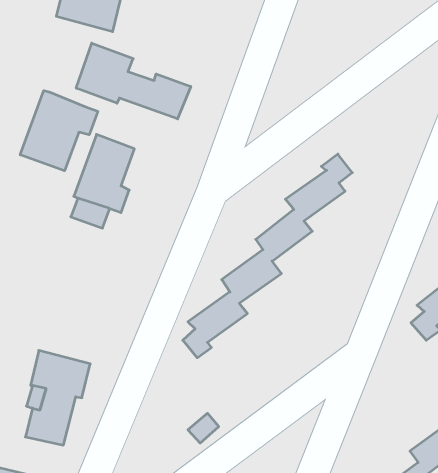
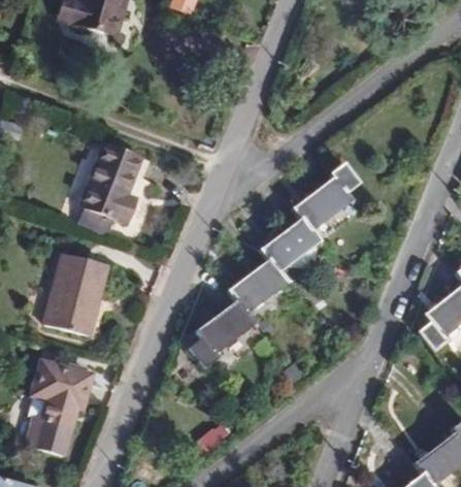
building: [76,43,191,119] -> none
building: [20,91,98,171] -> none
building: none -> [46,253,107,334]

